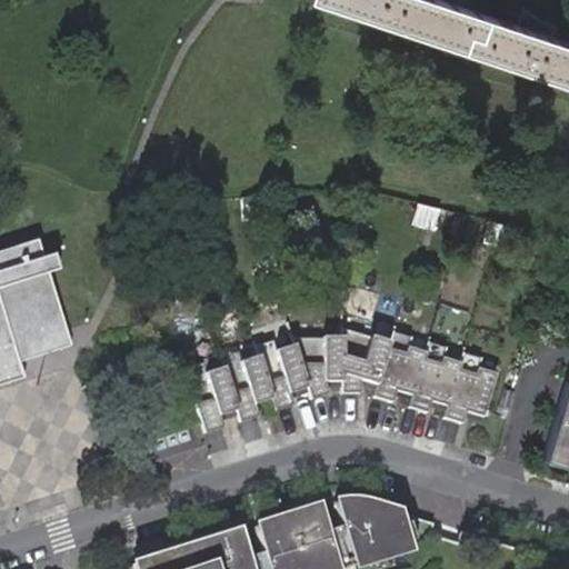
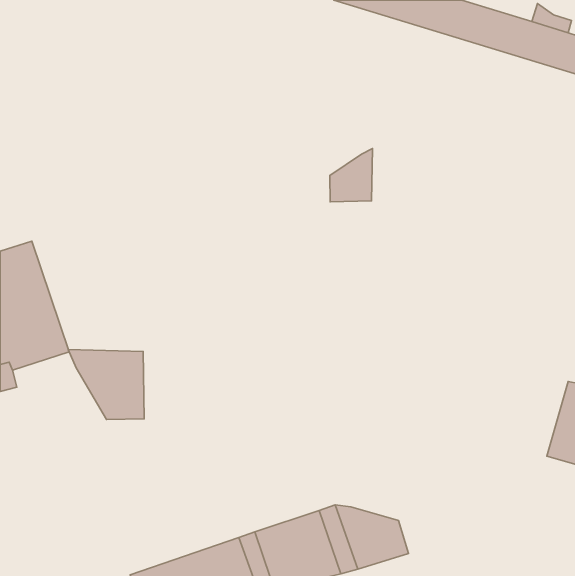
building: none -> [330,149,372,202]
building: [178,327,492,430] -> none
building: none -> [68,350,144,419]

